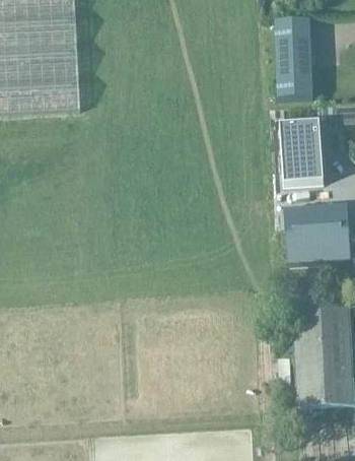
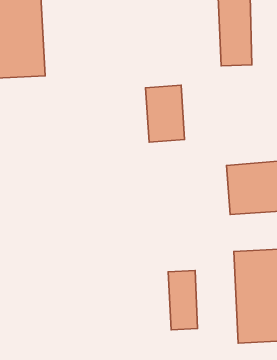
building: [280,121,324,185] -> [146,85,185,142]
building: none -> [168,271,197,330]

